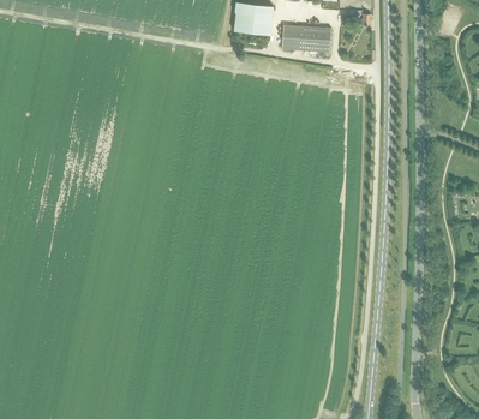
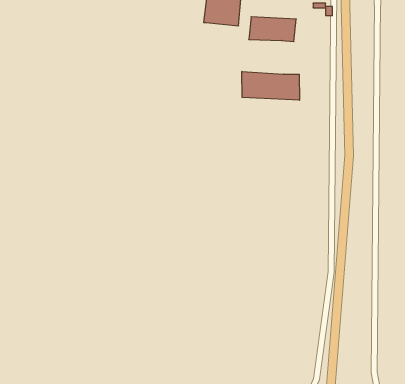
building: none -> [242,71,299,100]

